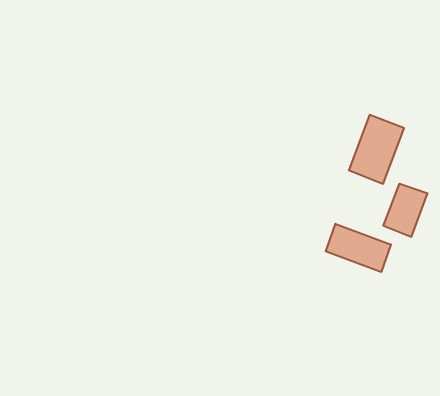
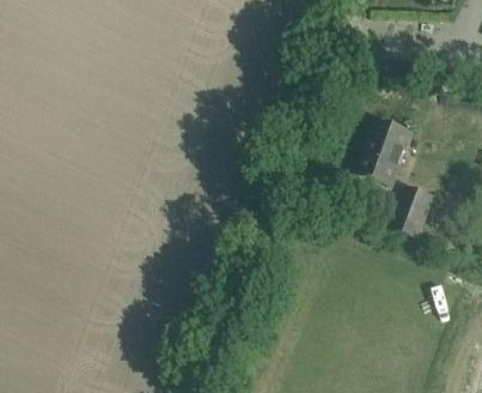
building: [326,224,391,272] -> none

